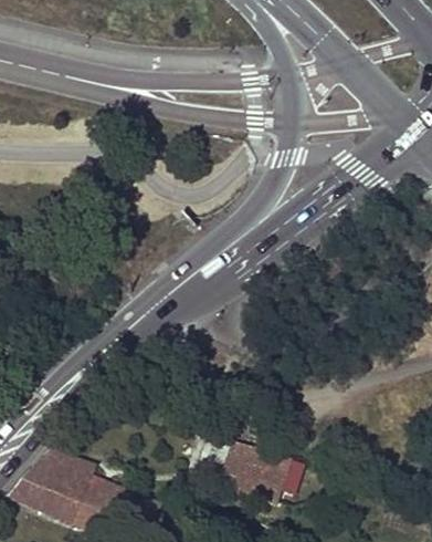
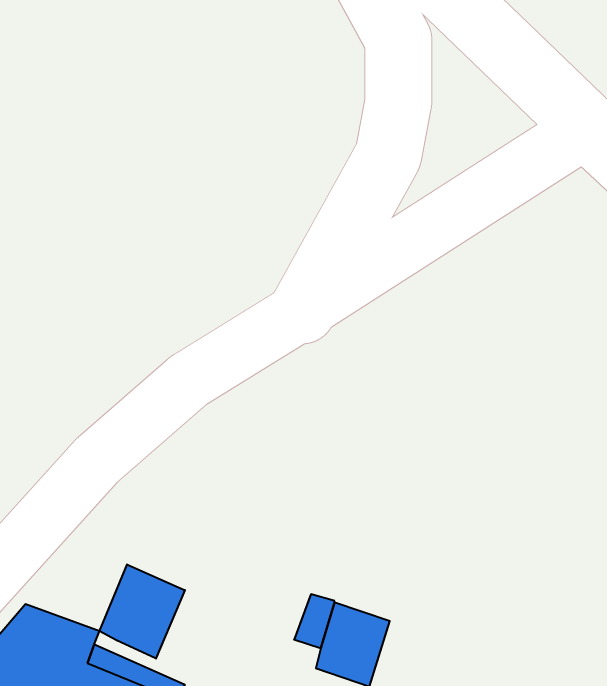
building: none -> [99,564,185,659]

